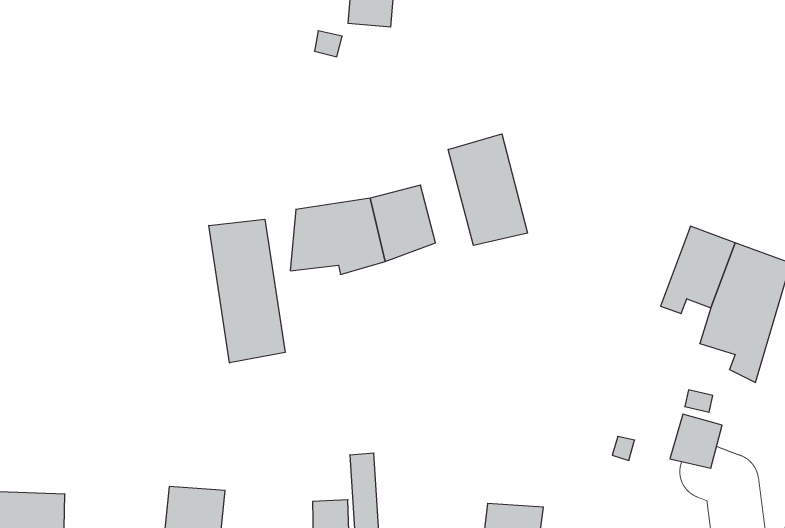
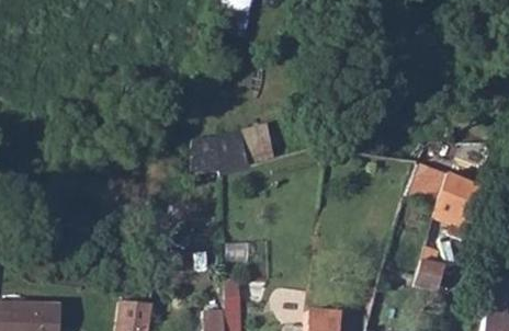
building: [448,134,527,245] -> none
building: [209,219,285,363] -> none

